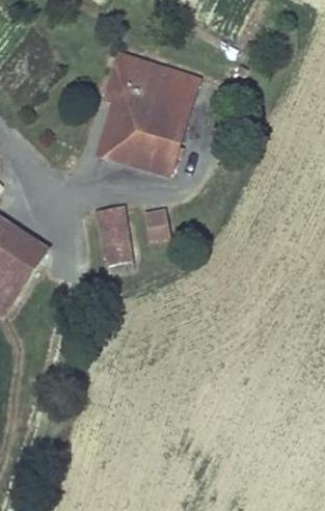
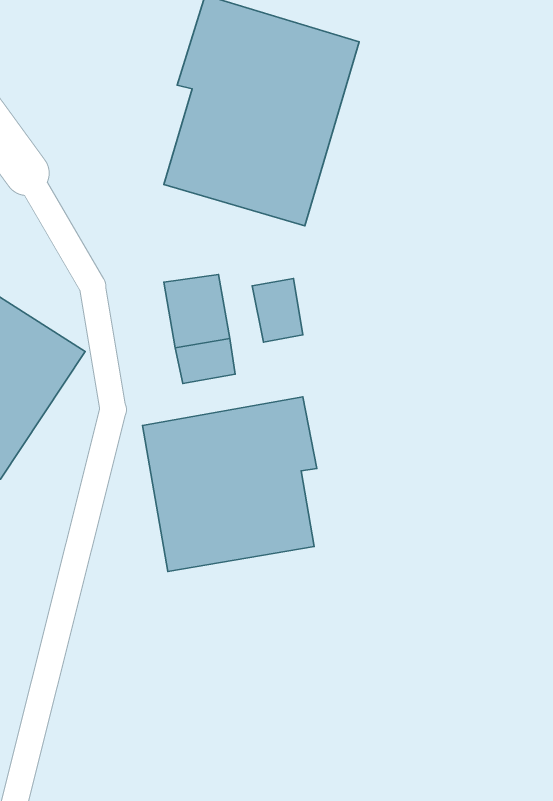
building: none -> [143,397,317,572]

